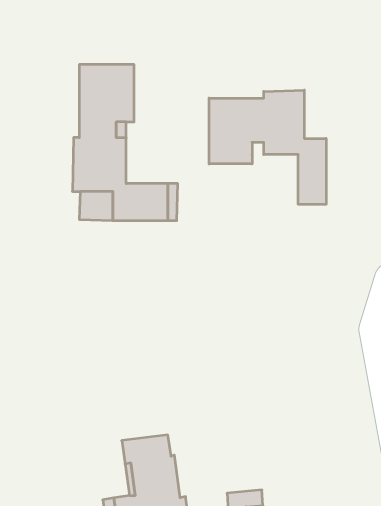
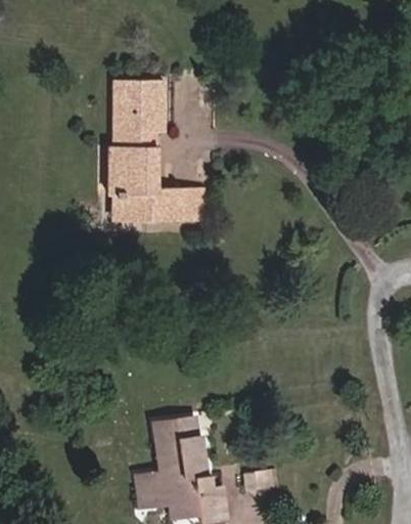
building: [209,90,326,204] -> none

